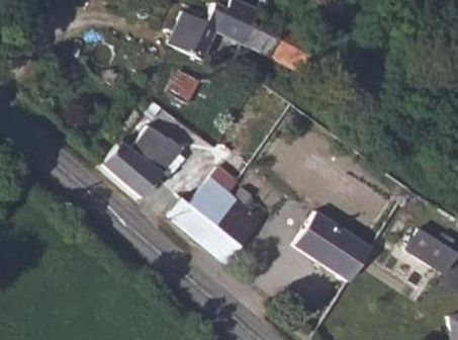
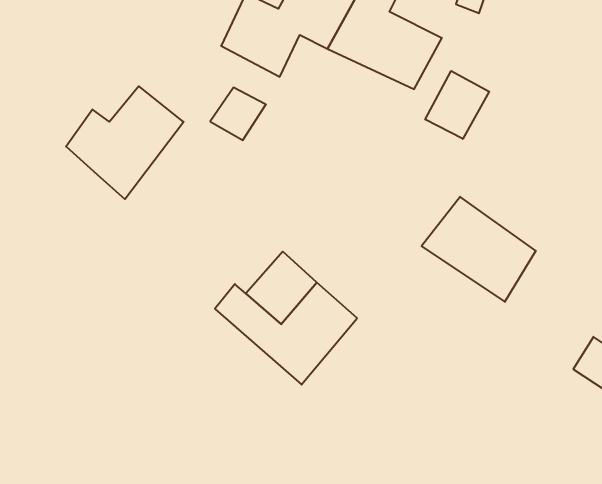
building: none -> [425,71,489,139]
building: [104,122,181,196] -> [66,86,184,199]
building: [289,215,364,283] -> [422,197,536,302]

